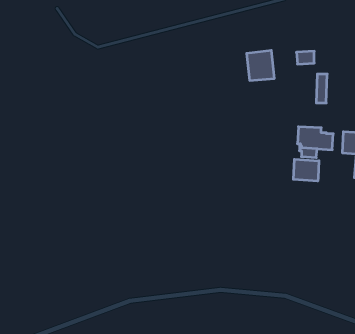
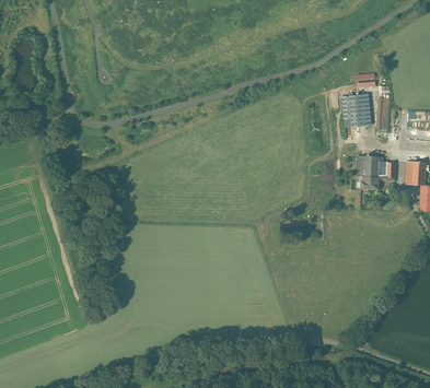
building: [247,50,274,80] -> [340,93,371,126]
building: [293,159,319,181] -> none

